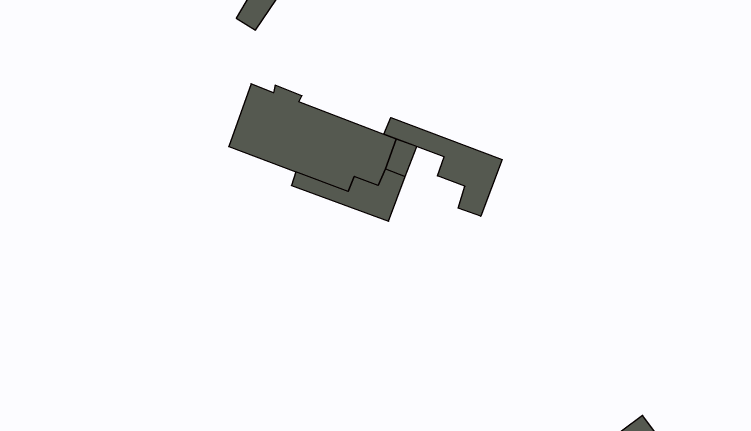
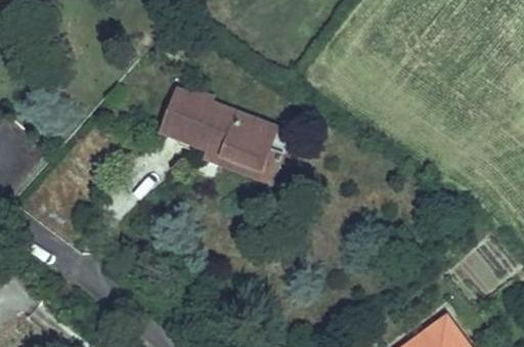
building: [384,118,502,216] -> none

